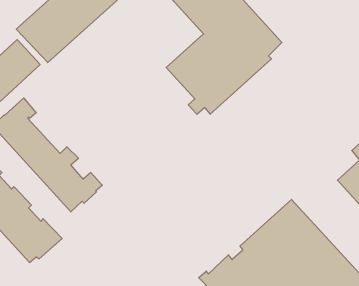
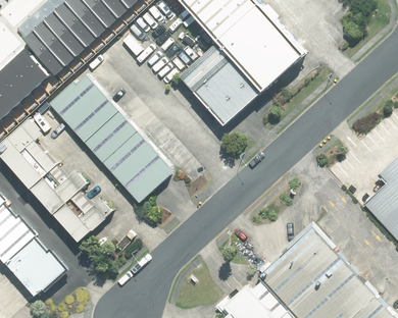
building: none -> [47,69,169,200]

